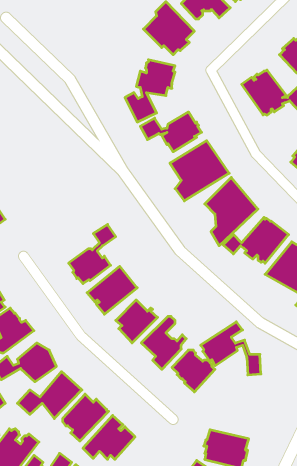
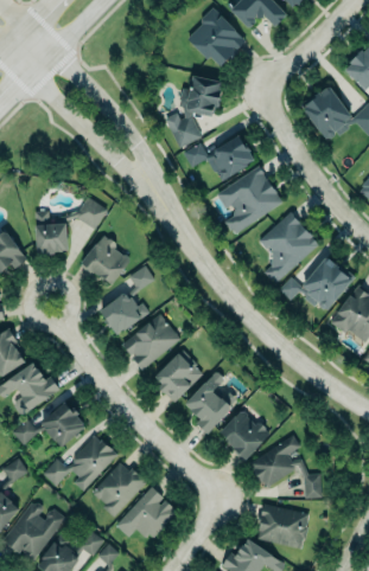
building: none -> [34,197,107,254]
building: none -> [78,236,129,286]
building: [201,322,261,375] -> [250,436,320,498]

